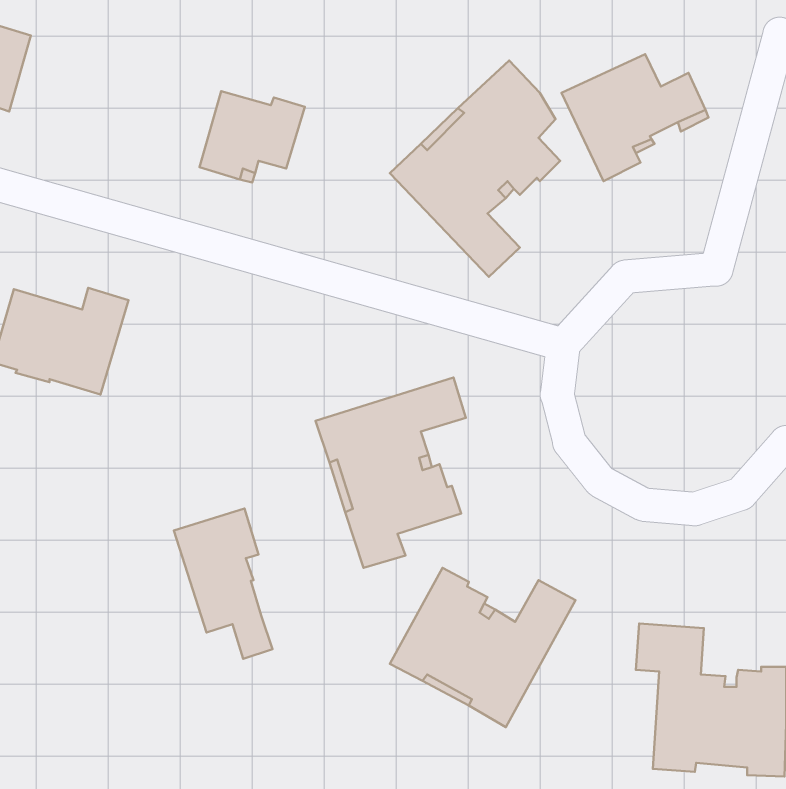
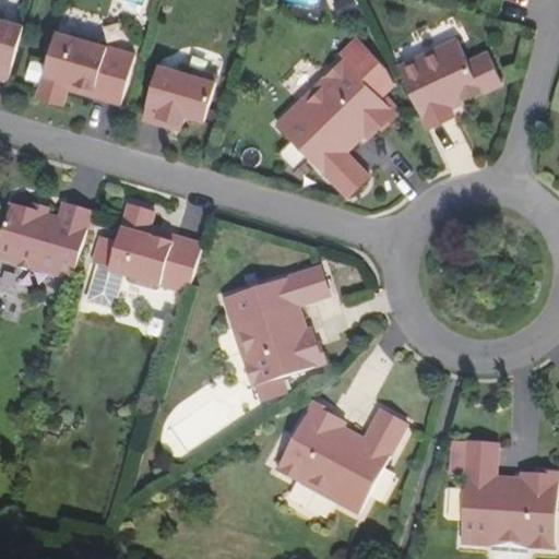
building: none -> [35,31,133,103]
building: none -> [86,204,201,307]
building: [174,508,272,659] -> none

